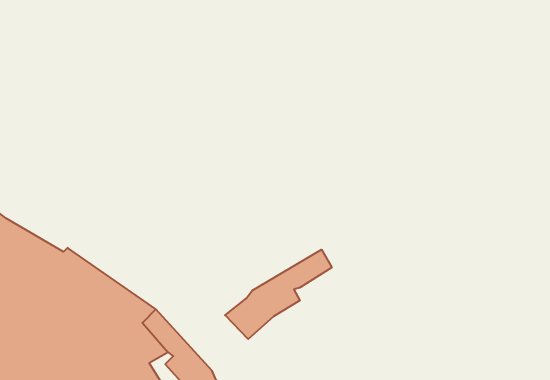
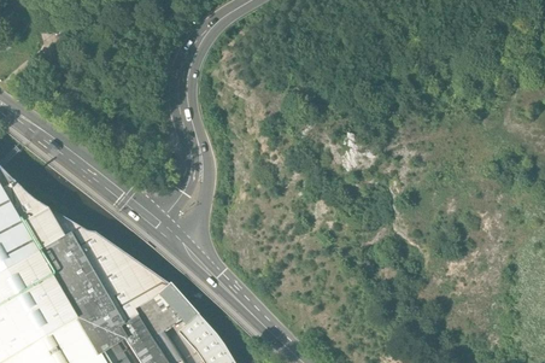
building: [225,250,332,339] -> none

